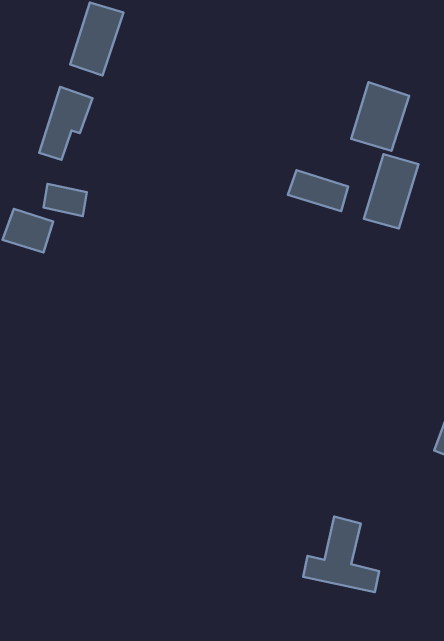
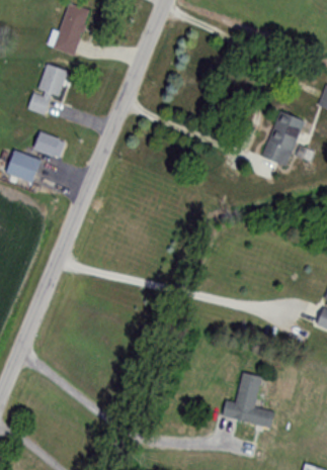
building: [351,82,409,151] -> none
building: [288,170,348,211] -> none

